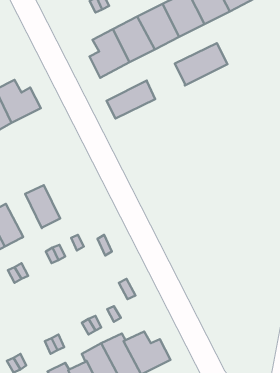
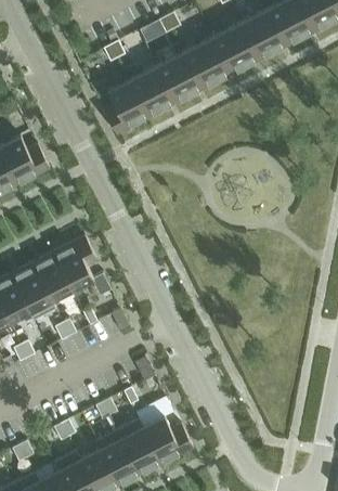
building: [175,43,228,85] -> none
building: [106,81,155,119] -> none
building: none -> [53,237,98,292]
building: none -> [11,264,56,322]

